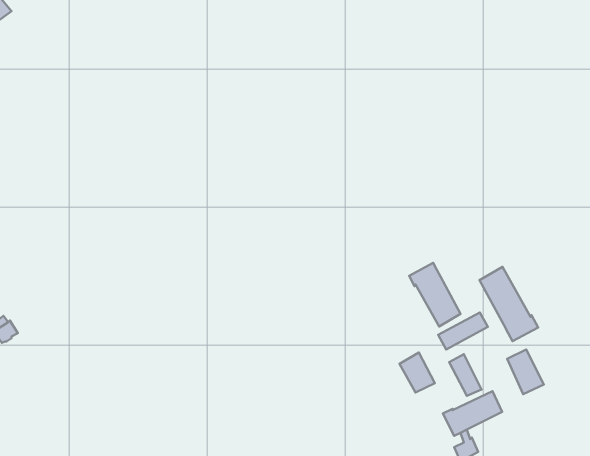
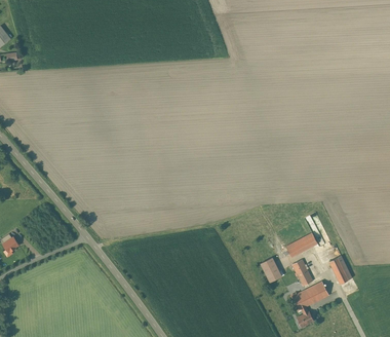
building: [409,263,461,326] -> none
building: [480,267,538,341] -> none

